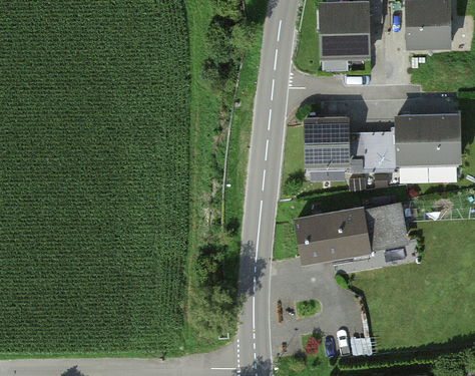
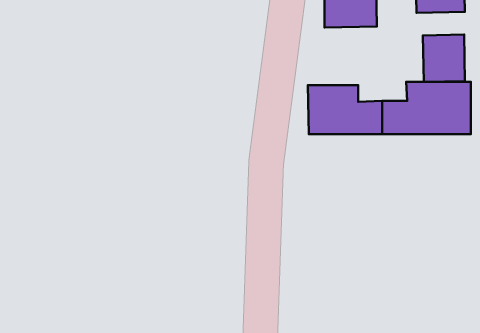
building: none -> [423,35,465,82]
building: [294,204,406,263] -> none

